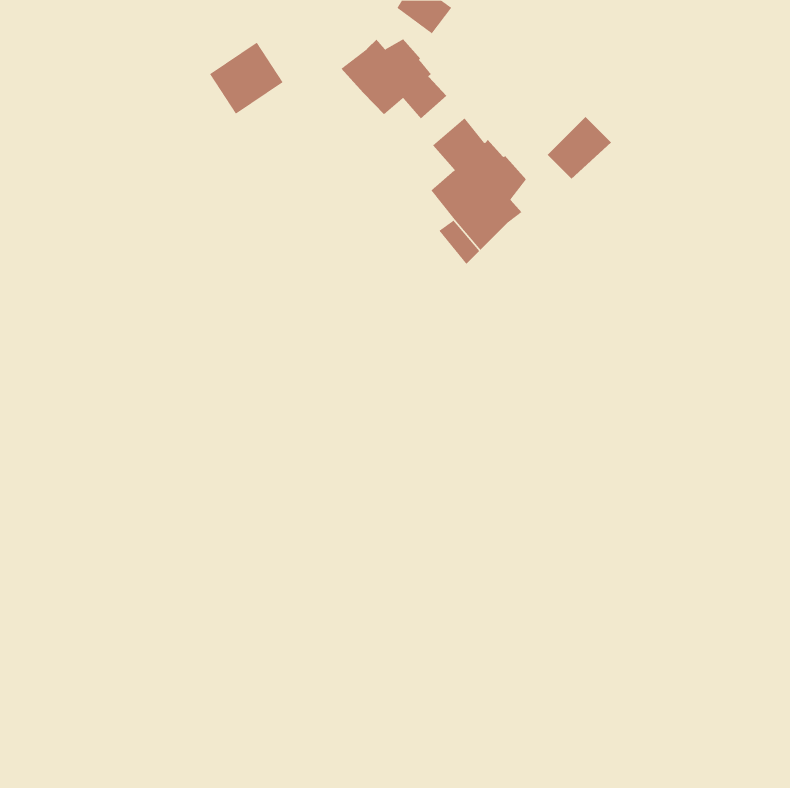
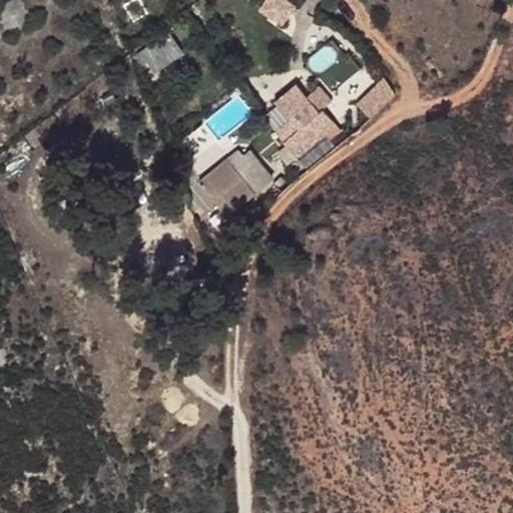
building: [340,39,447,119] -> none
building: none -> [201,145,271,211]

